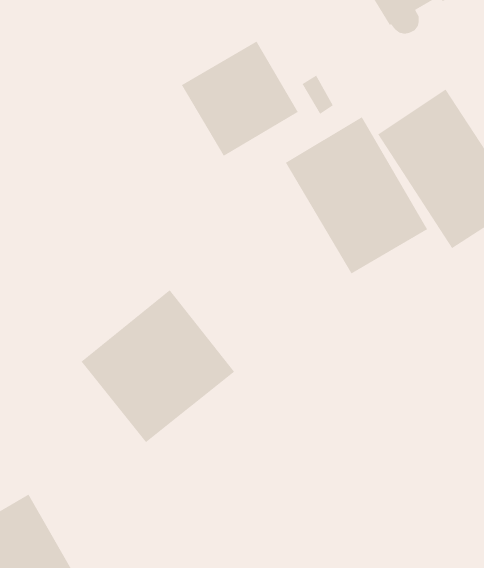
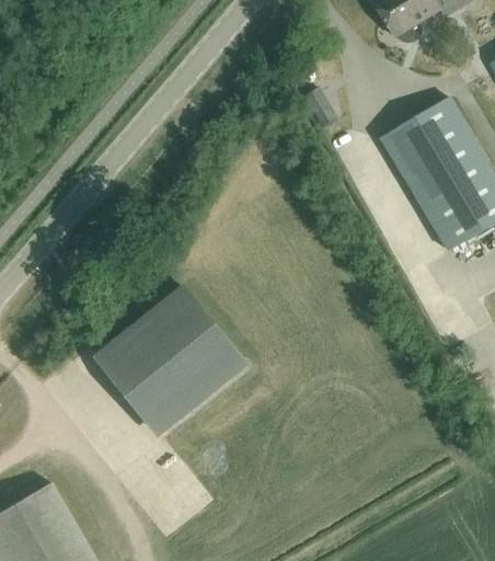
building: [181,41,299,157] -> none
building: [285,116,428,275] -> none

